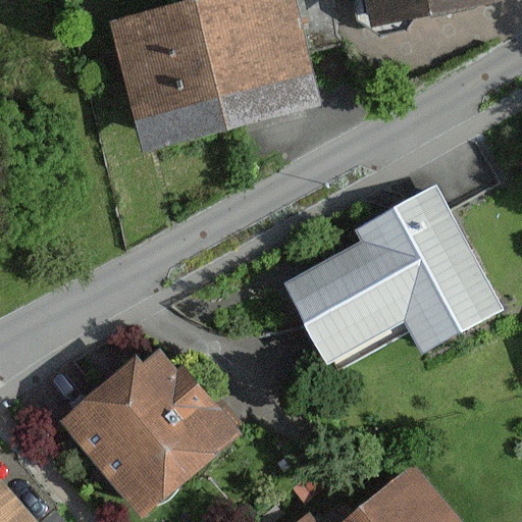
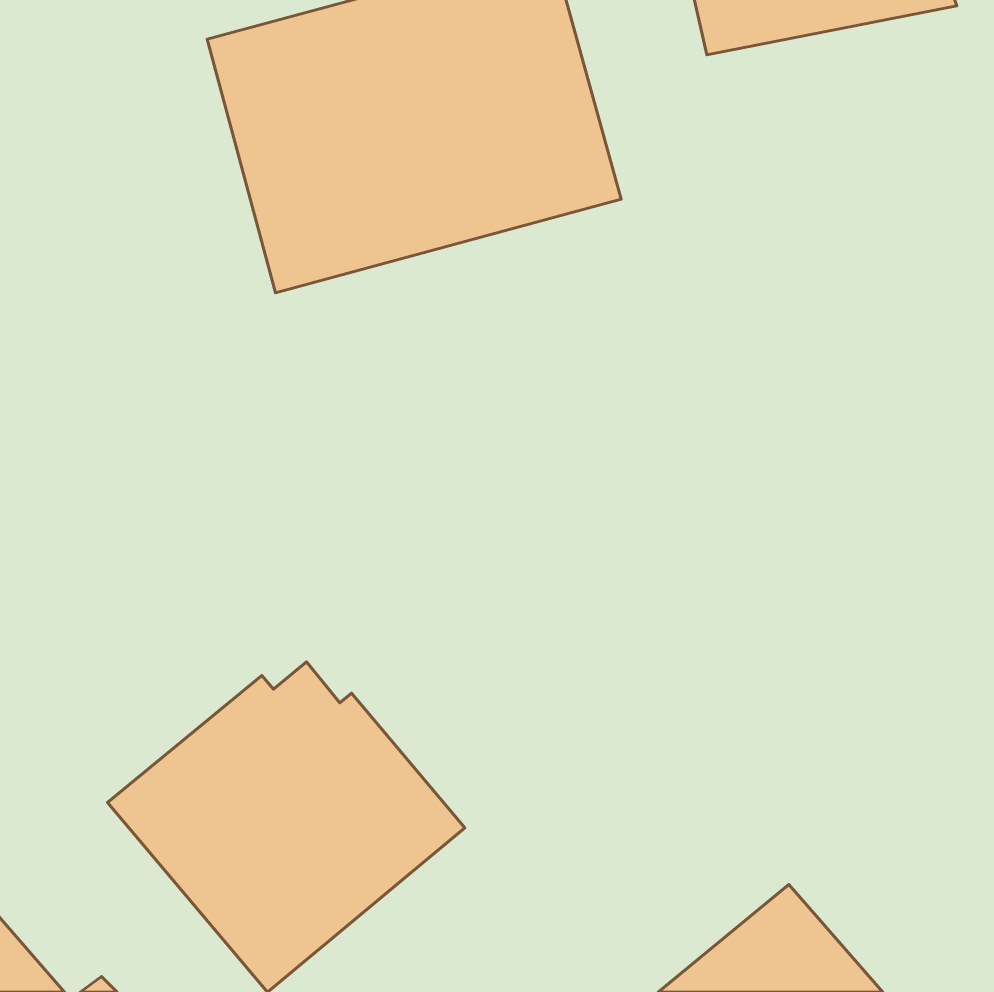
building: [283,185,504,363] -> none

